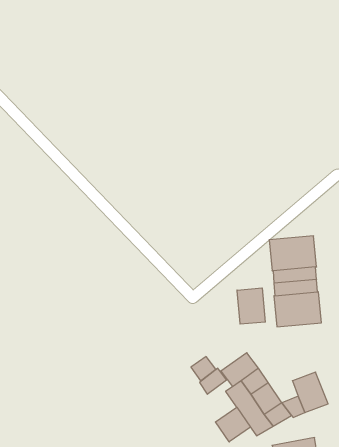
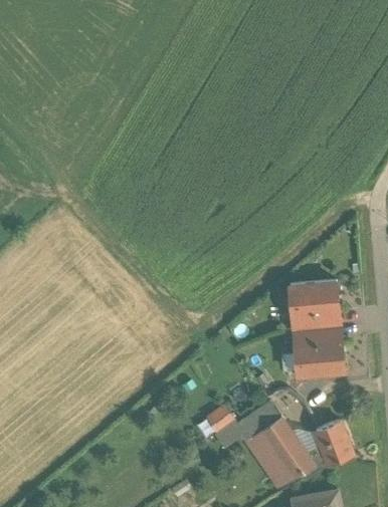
building: [237,288,265,324] -> none
building: [215,407,251,442] -> none

